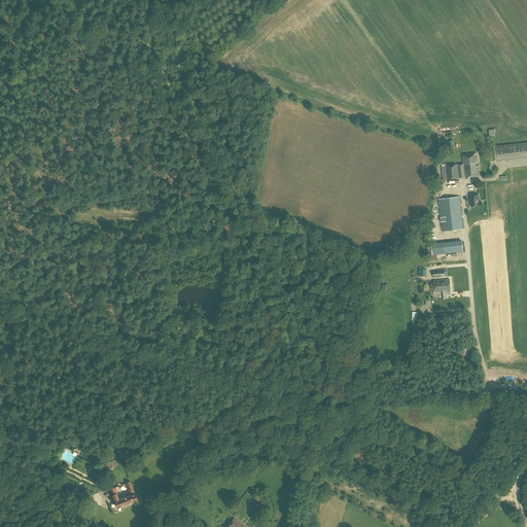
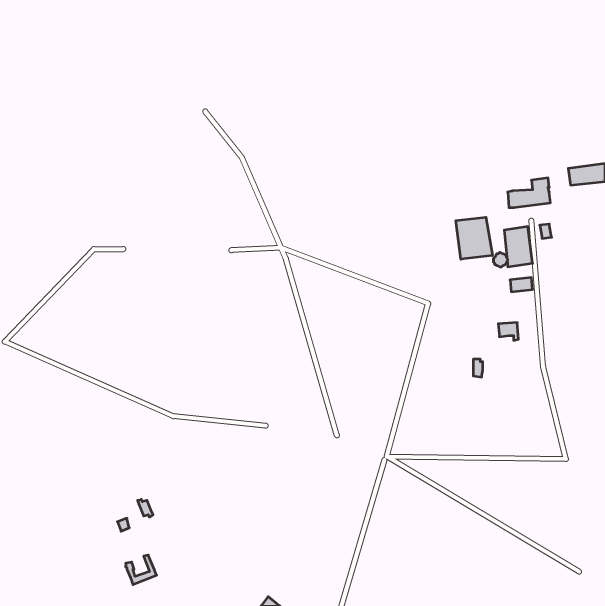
building: none -> [456,217,492,259]

